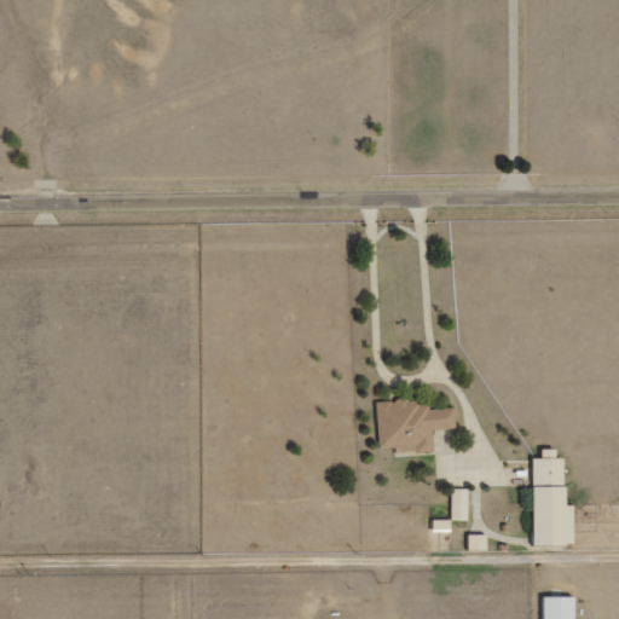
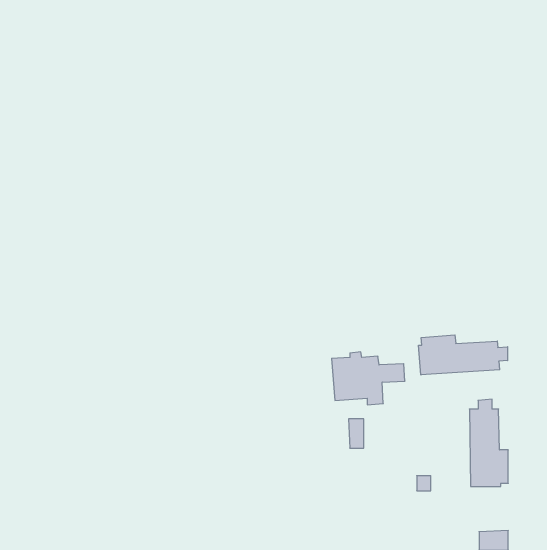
building: none -> [419,335,508,375]
building: [452,488,469,521] -> [349,419,364,448]

